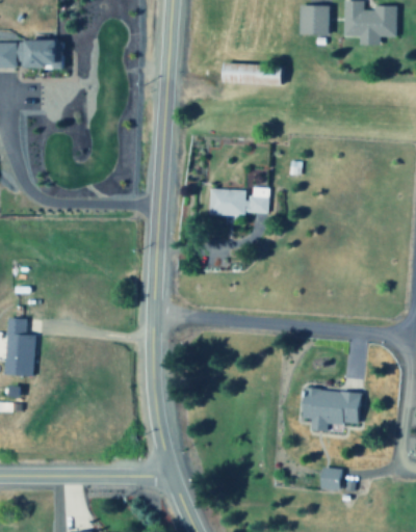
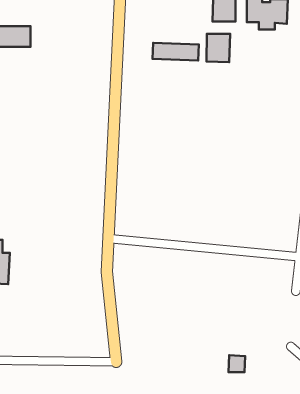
building: none -> [207,34,230,62]
building: [211,187,271,215] -> none
building: [304,389,362,431] -> none

